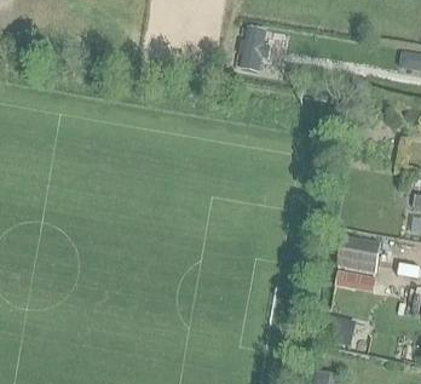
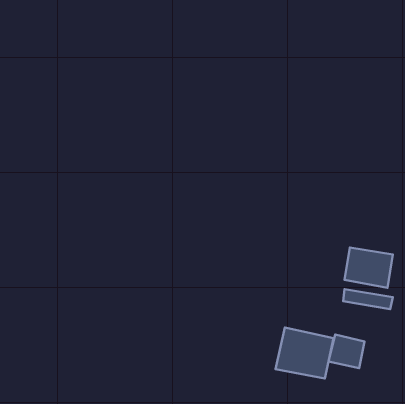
building: [237,25,271,71] -> none
building: none -> [276,327,333,378]

